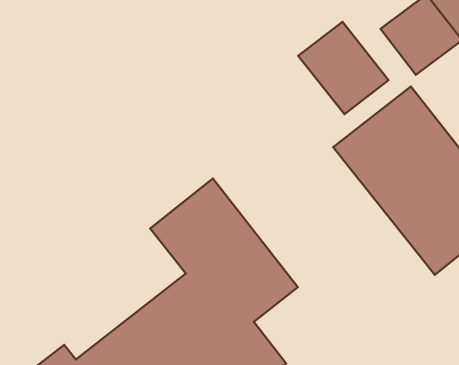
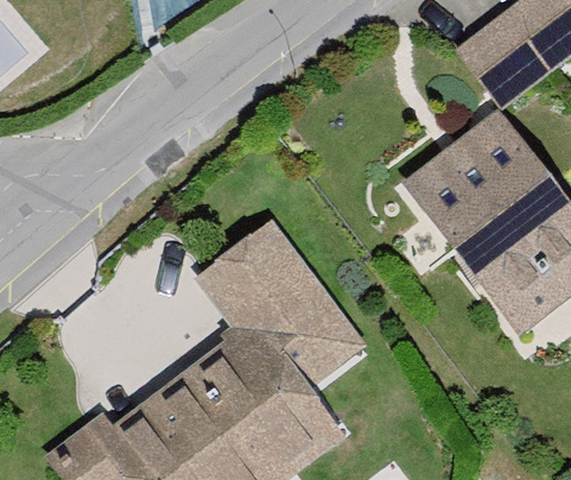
building: [298,22,389,114] -> none

